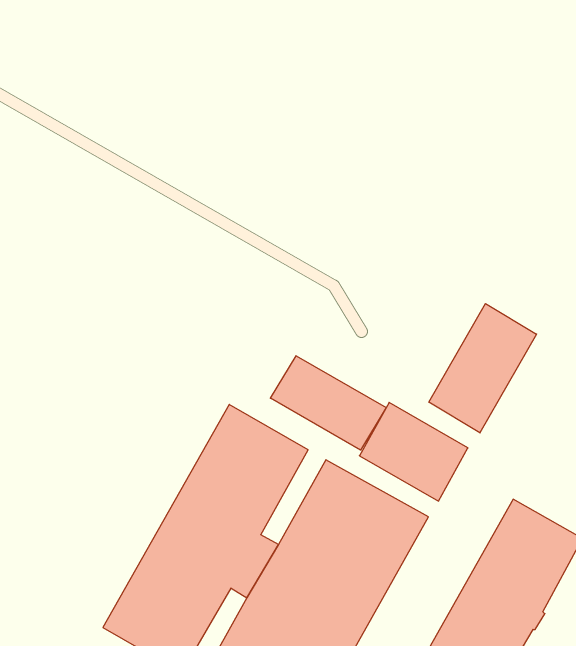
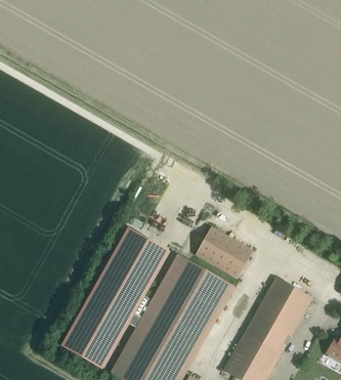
building: [429,304,537,433] -> none
building: [270,356,386,450] -> none

